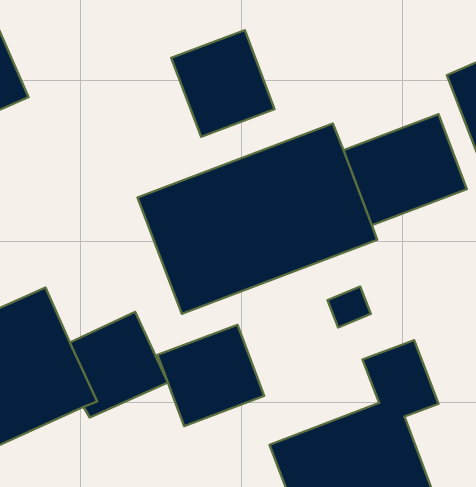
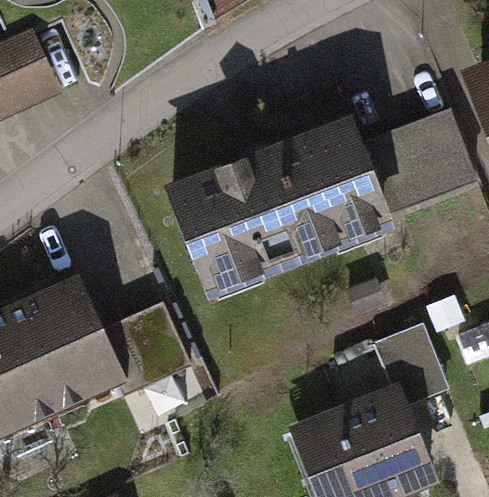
building: [171,30,275,137] -> none
building: [158,325,264,426] -> none

